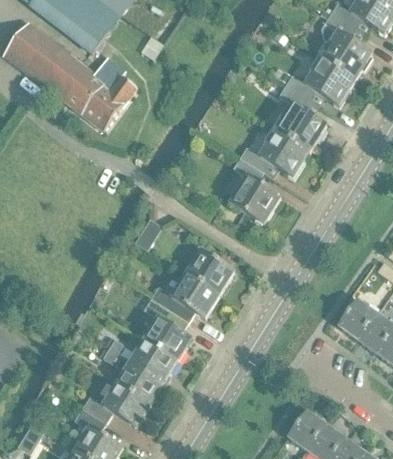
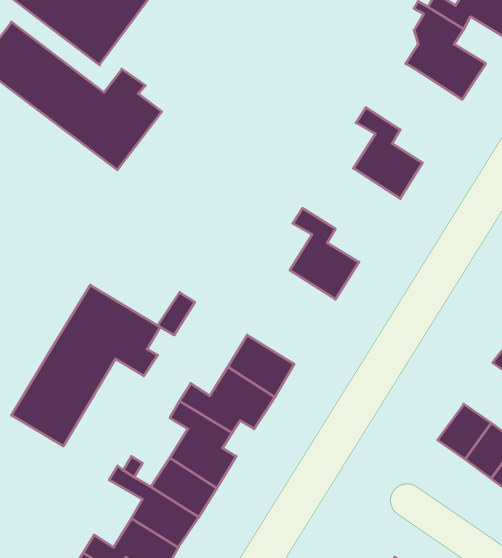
building: [286,56,356,104] -> none
building: [240,128,311,177] -> none
building: none -> [11,285,160,446]

